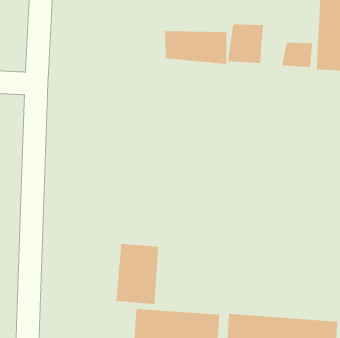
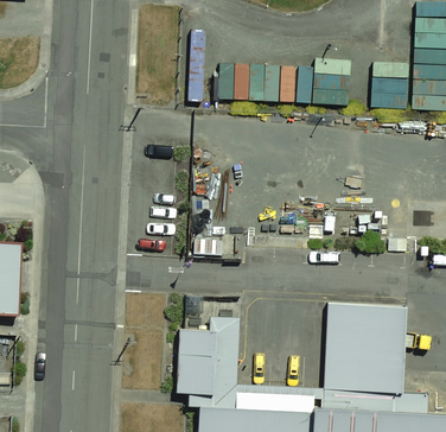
building: none -> [311,303,415,396]

